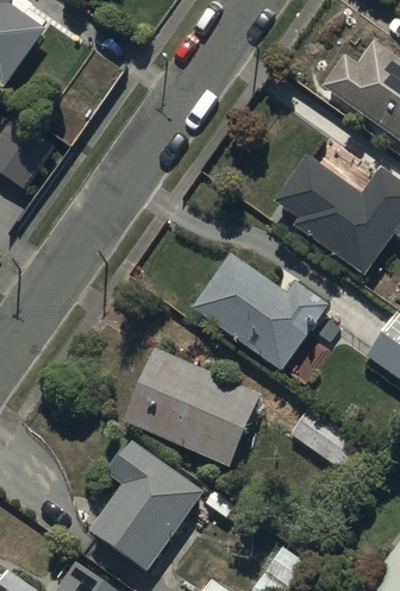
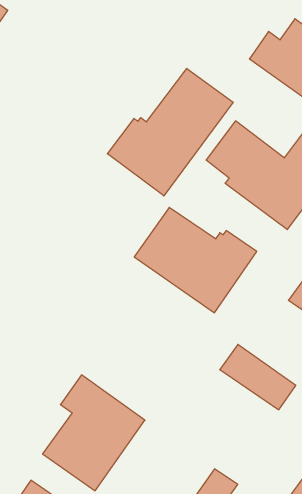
building: none -> [107,68,233,196]
building: [124,348,261,466] -> none

